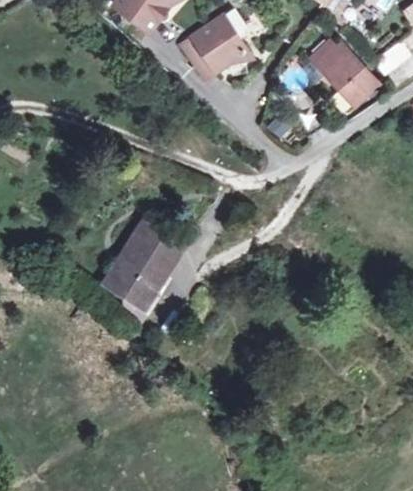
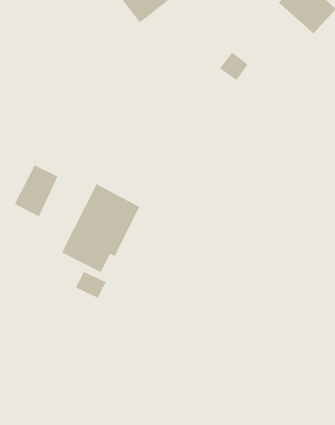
building: none -> [14,164,58,217]

